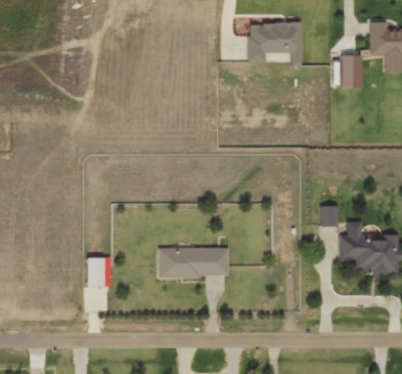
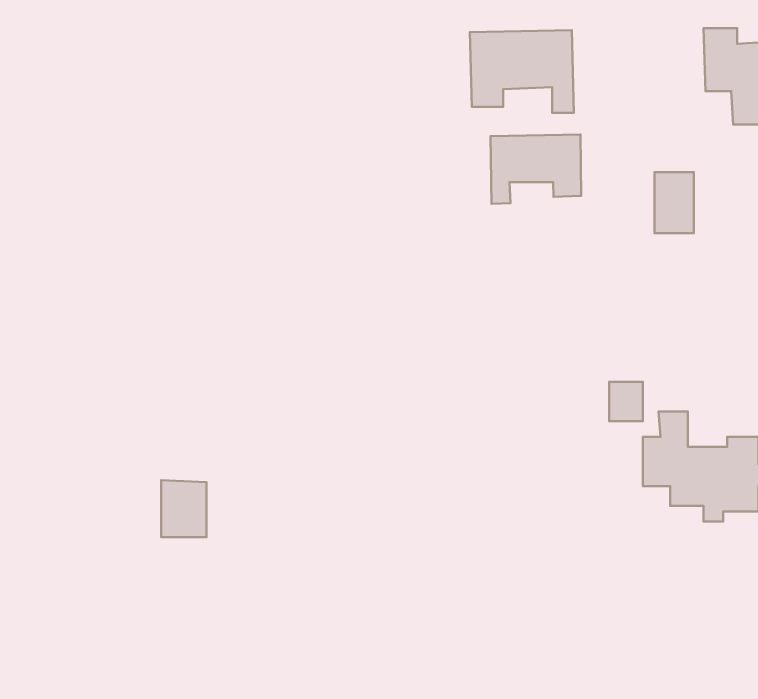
building: [341,55,361,87] -> [655,172,694,233]
building: none -> [490,134,581,204]
building: [158,247,228,278] -> none

